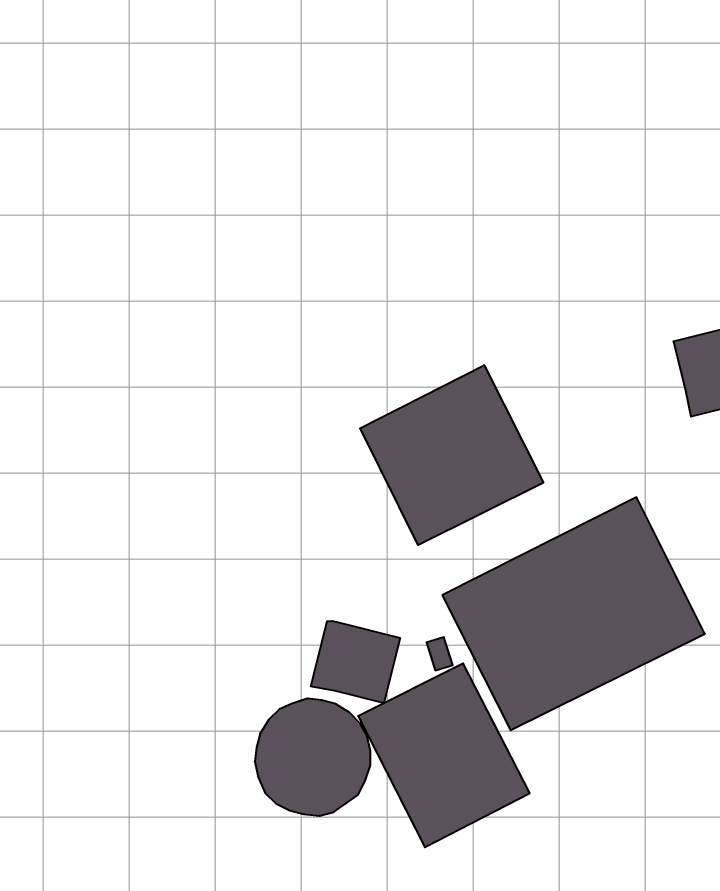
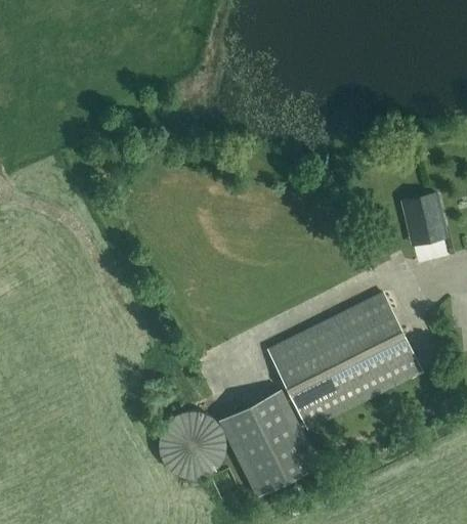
building: [360,365,543,545] -> none
building: [311,621,400,703] -> none

